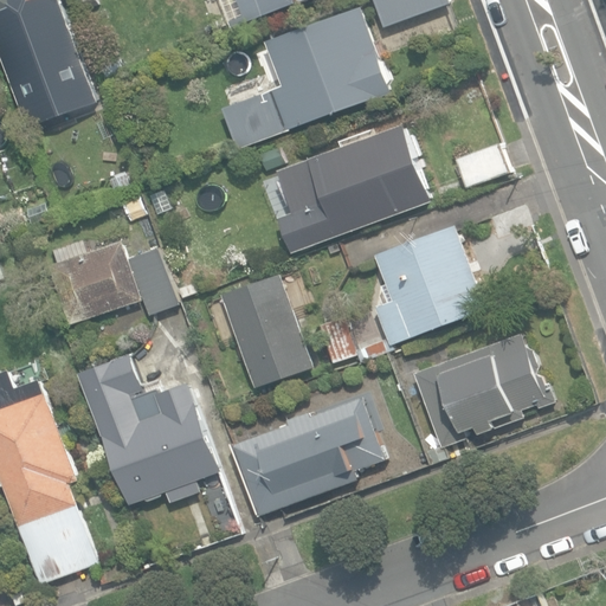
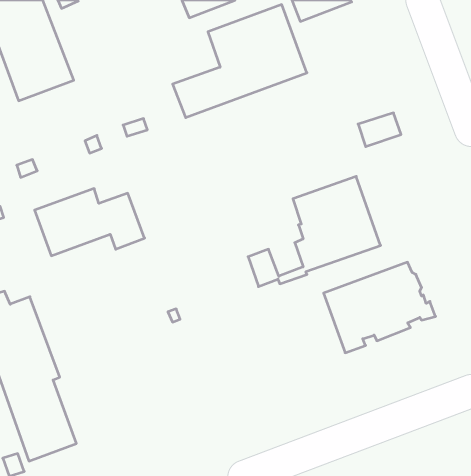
building: [276,125,431,252] -> none
building: [221,273,314,387] -> none
building: [84,356,220,503] -> none
building: [232,398,385,514] -> none

